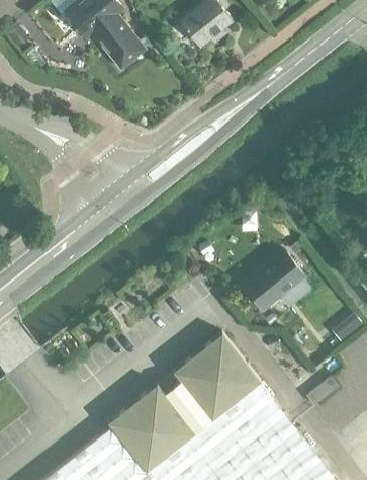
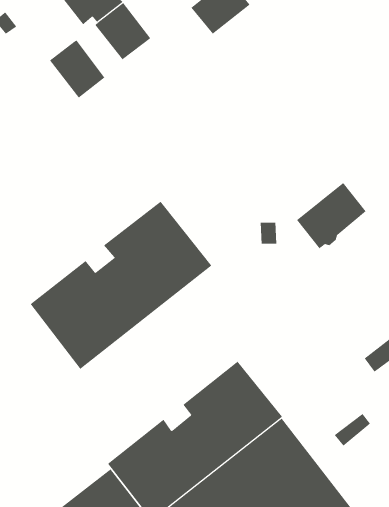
building: none -> [49,40,105,99]
building: none -> [30,201,212,370]
building: [243,250,304,309] -> [296,182,367,249]

